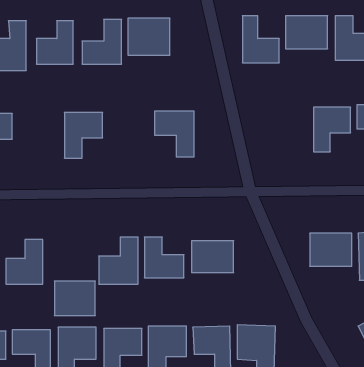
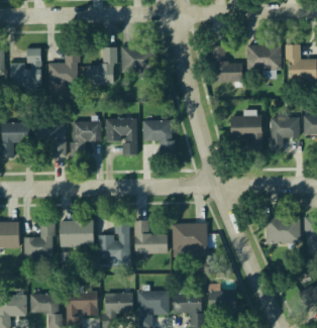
building: none -> [230,116,261,138]
building: none -> [106,118,137,155]
building: none -> [35,119,67,156]
building: [54,281,95,316] -> [61,220,93,247]

